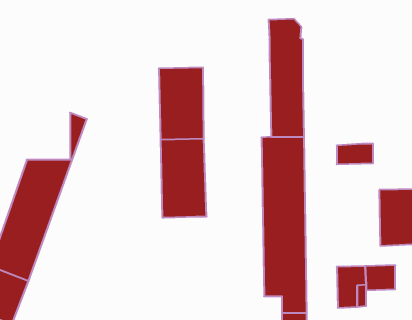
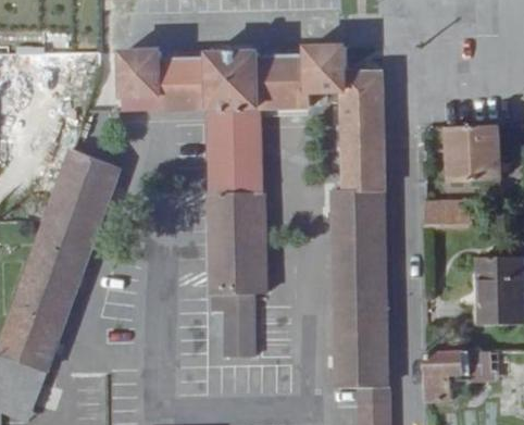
building: none -> [120,48,341,111]
building: none -> [446,124,499,179]
building: none -> [45,151,97,220]
building: none -> [212,289,253,354]

